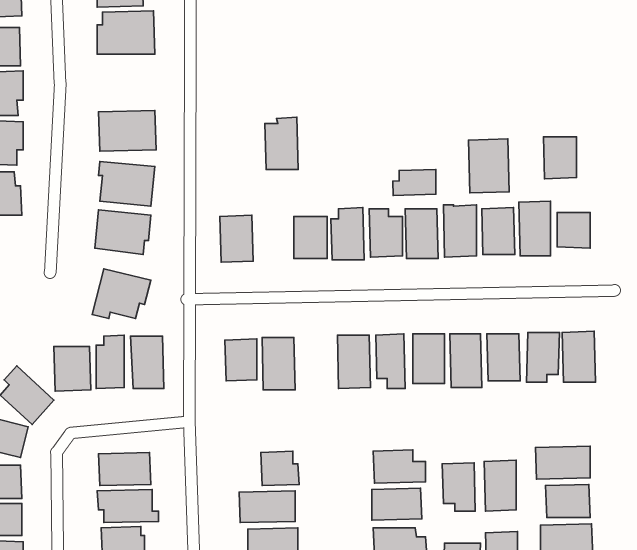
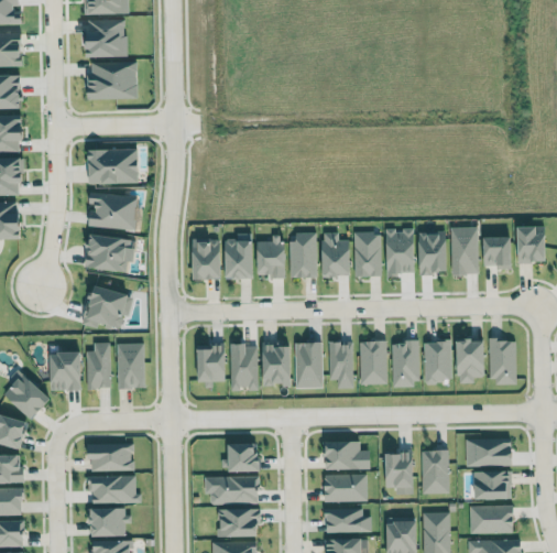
building: [265,117,298,170] -> [225,234,253,279]
building: [543,137,577,179] -> [517,227,546,263]
building: [468,139,509,193] -> none
building: [393,170,436,196] -> none
building: none -> [262,346,291,387]

